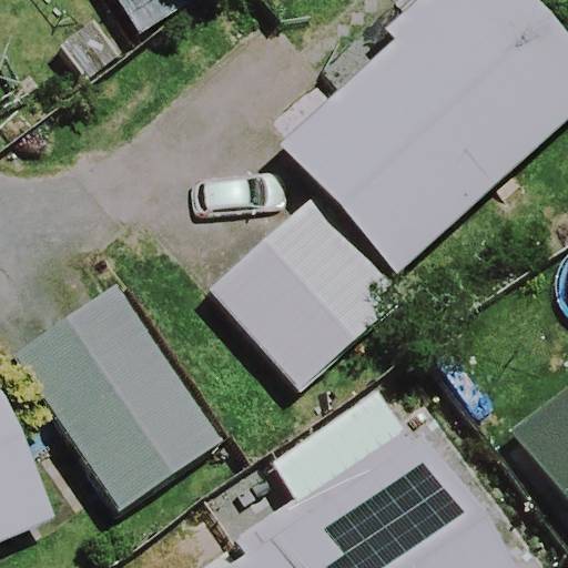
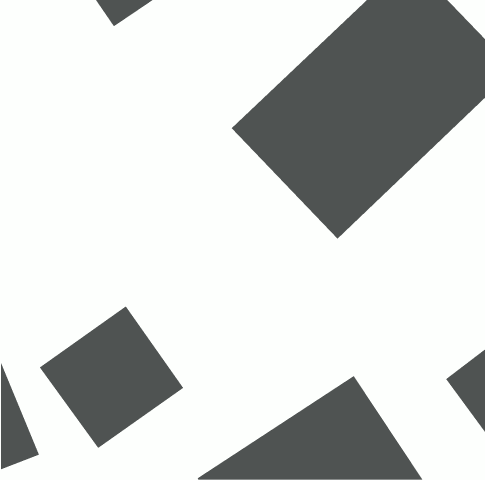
building: [210,207,389,389] -> none

